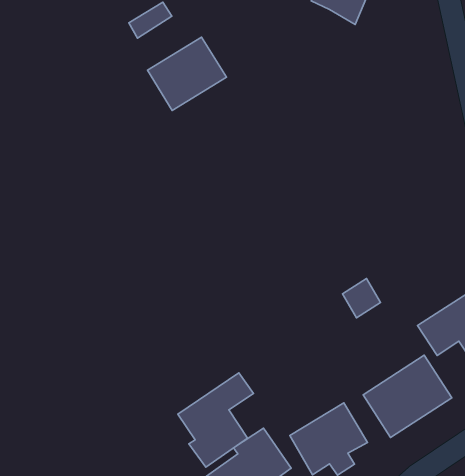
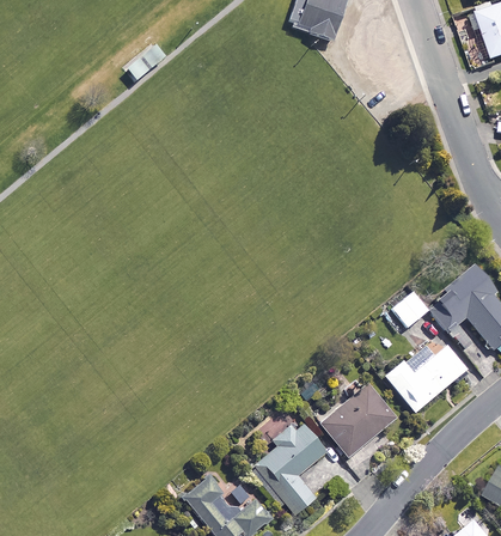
building: [147,37,226,111] -> none
building: [342,278,381,318] -> [390,290,426,327]
building: [178,373,253,467] -> none

